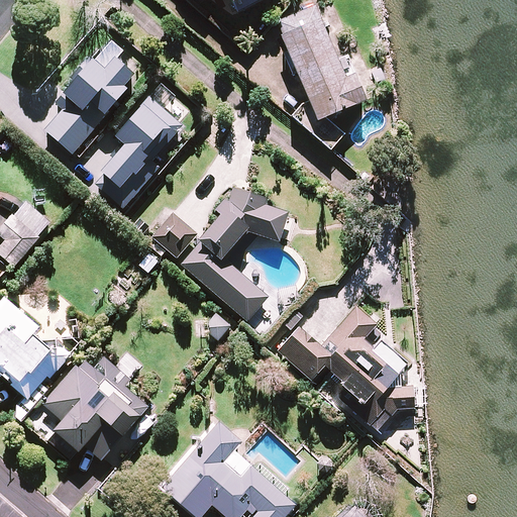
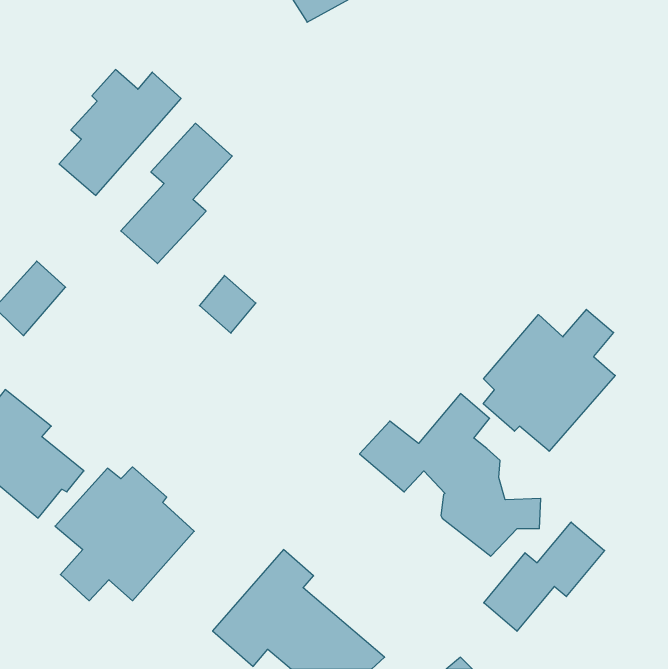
building: [279,6,366,153] -> none
building: [181,184,289,317] -> none
building: none -> [483,309,615,451]
building: none -> [484,522,605,631]

